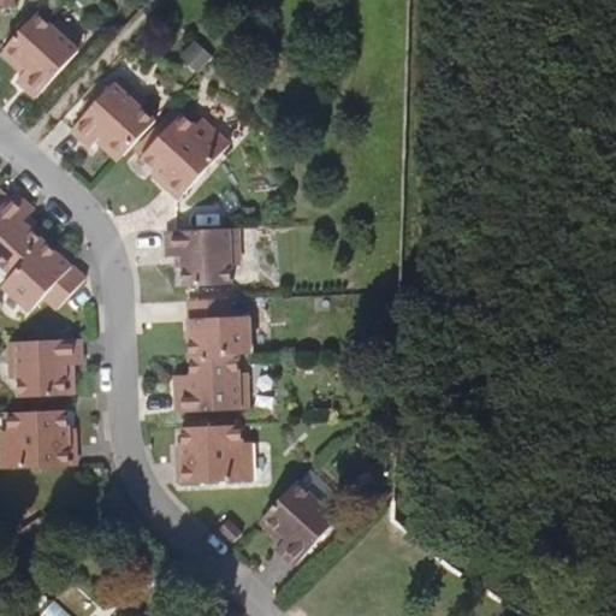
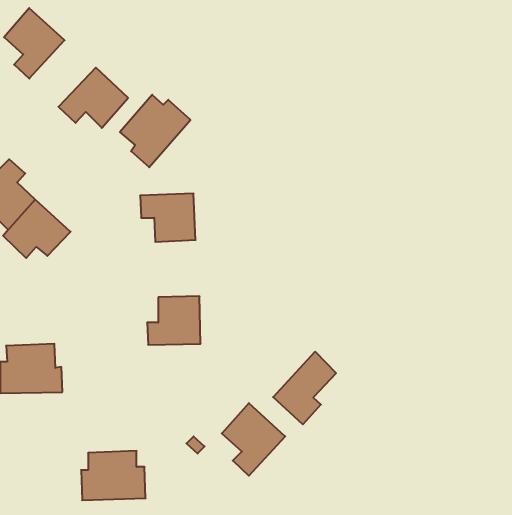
building: [188,298,250,355] -> none
building: [17,338,79,397] -> none
building: none -> [273,352,336,424]
building: [174,424,251,482] -> [81,451,146,500]

